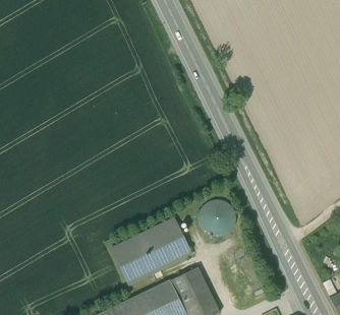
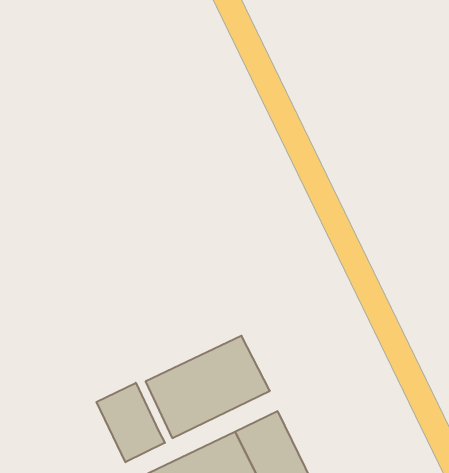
building: [199,199,235,236] -> none
building: none -> [96,383,165,462]

